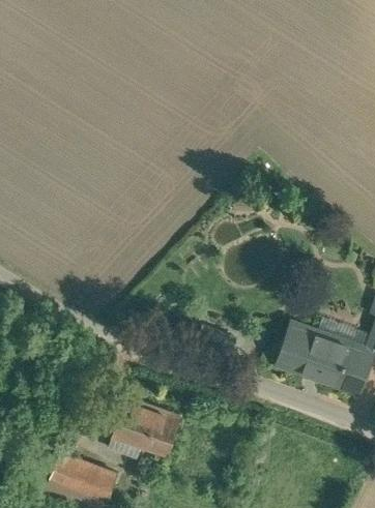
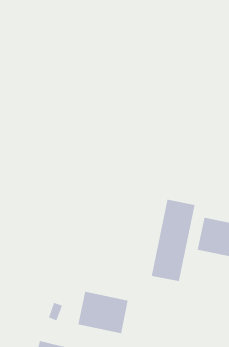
building: none -> [151,199,195,282]

